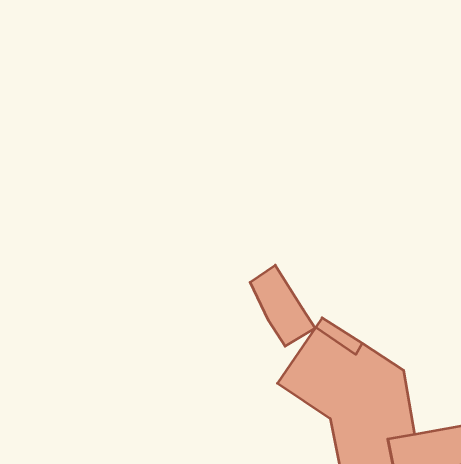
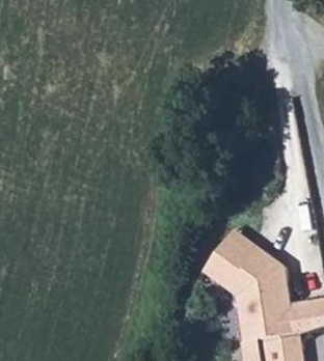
building: [250,265,315,346] -> none

